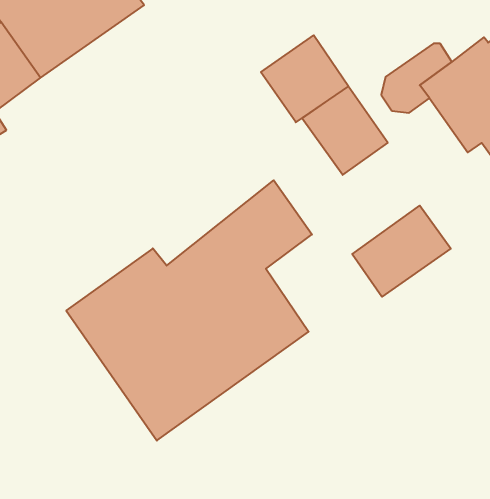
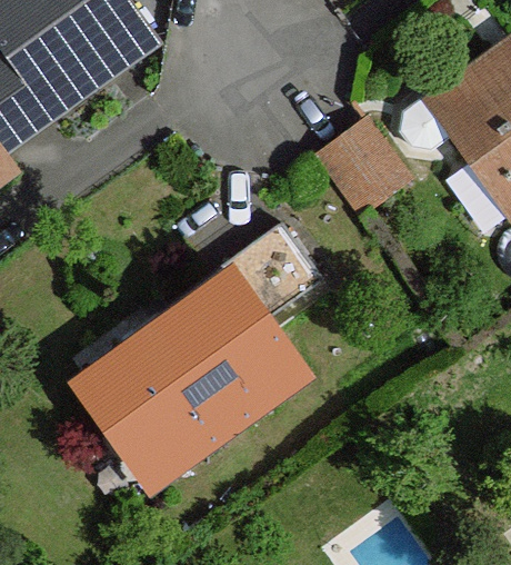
building: [261,35,348,122] -> none
building: [352,206,451,297] -> none

